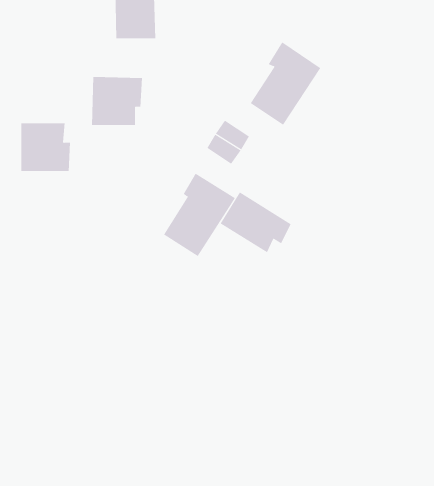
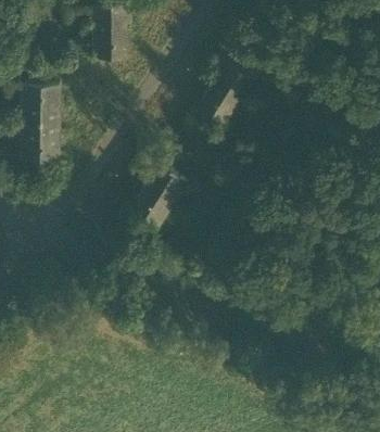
building: [91,77,143,125] -> [28,89,68,127]
building: [220,192,292,253] -> none

